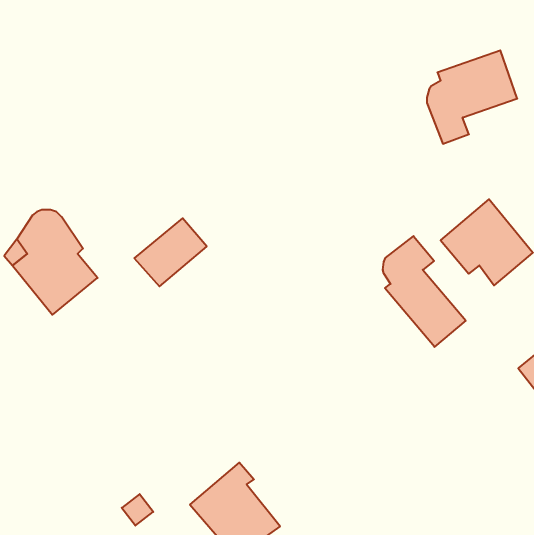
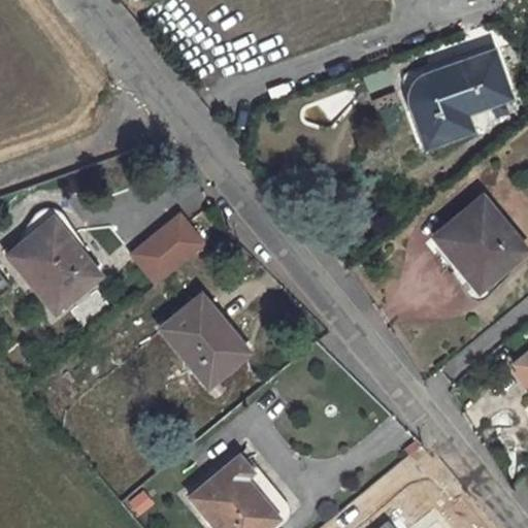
building: [383,236,466,347] -> none
building: none -> [160,299,246,388]

